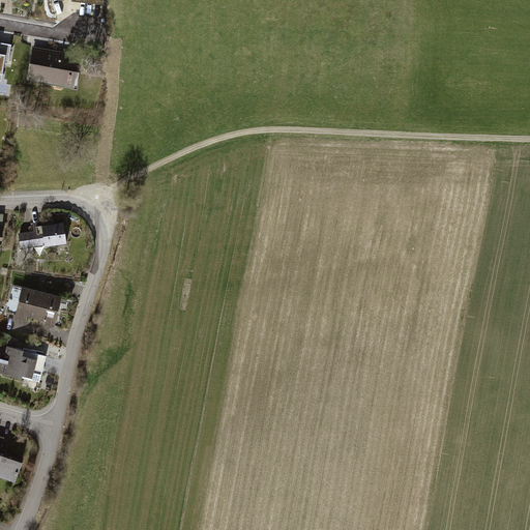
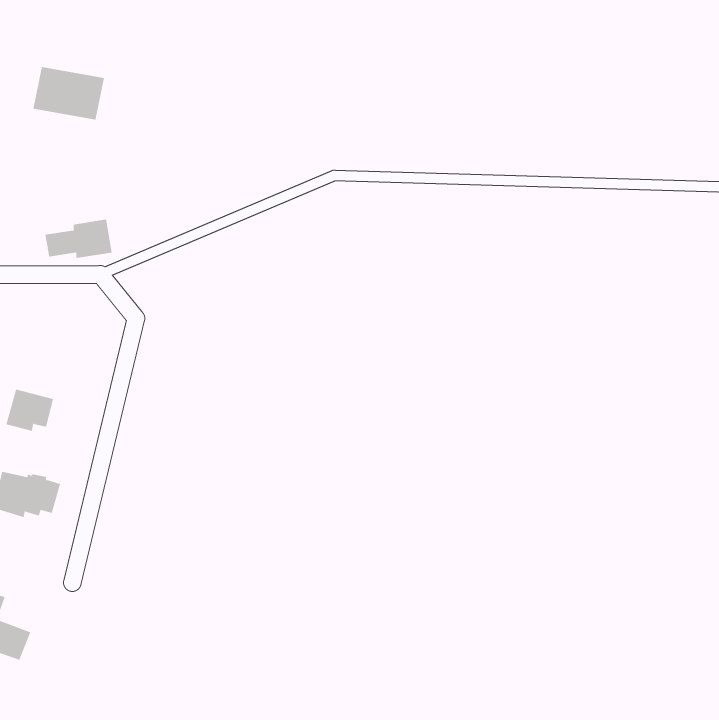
building: [16,220,65,249] -> [44,219,112,259]
building: [34,289,58,322] -> none

